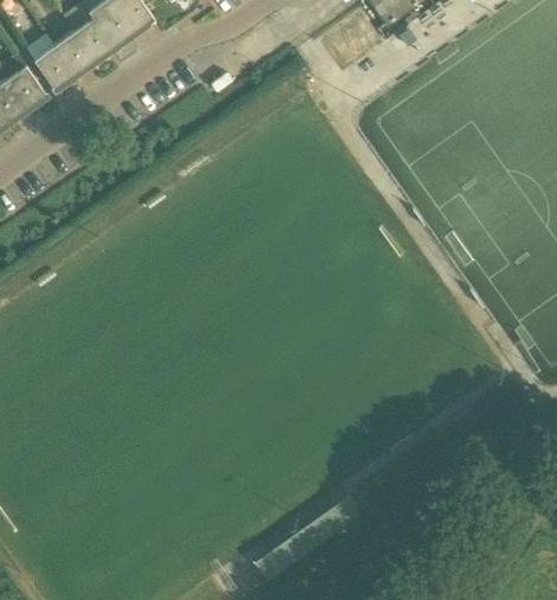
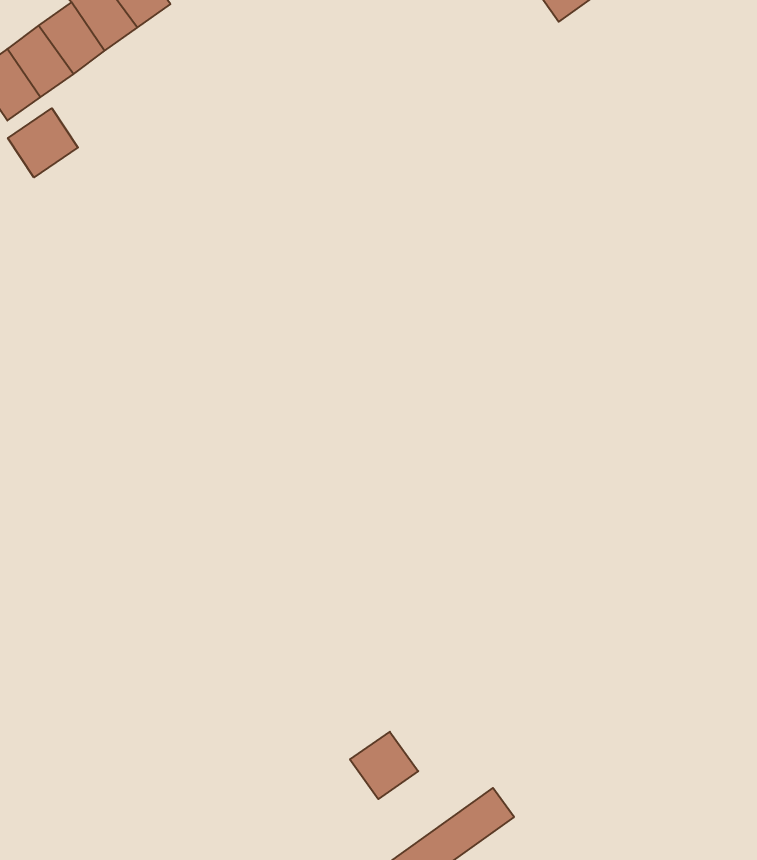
building: none -> [8,108,78,177]
building: none -> [350,732,418,799]

